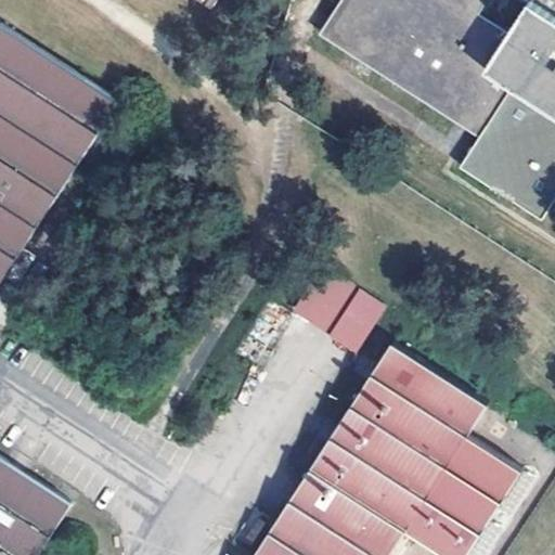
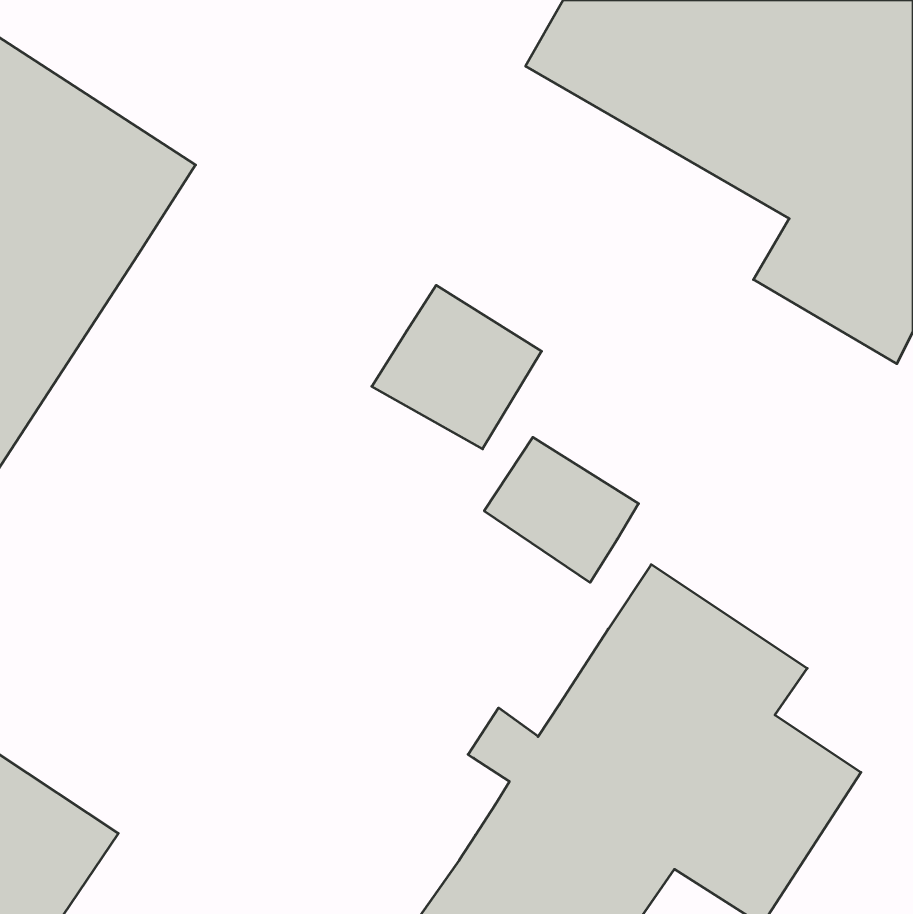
building: none -> [372,285,542,449]

